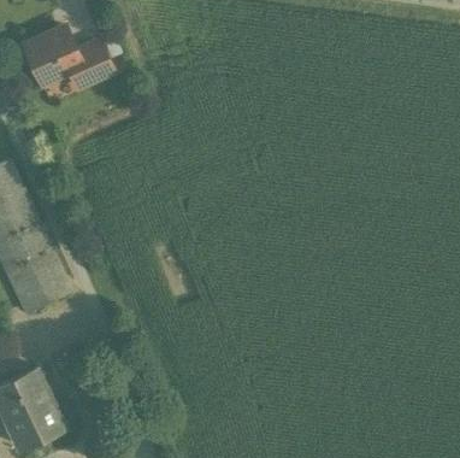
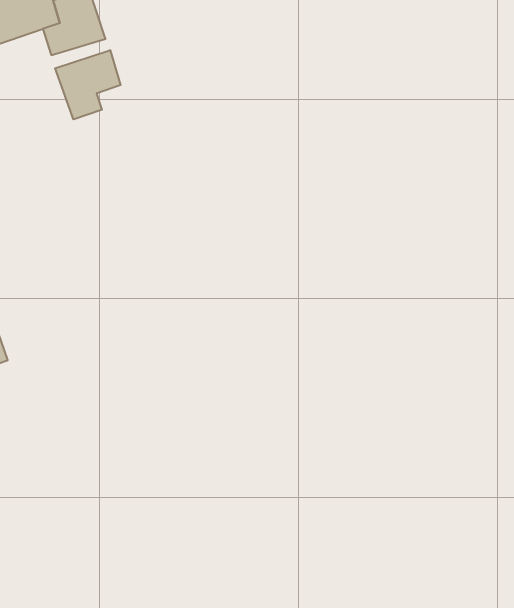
building: none -> [55,50,121,119]

